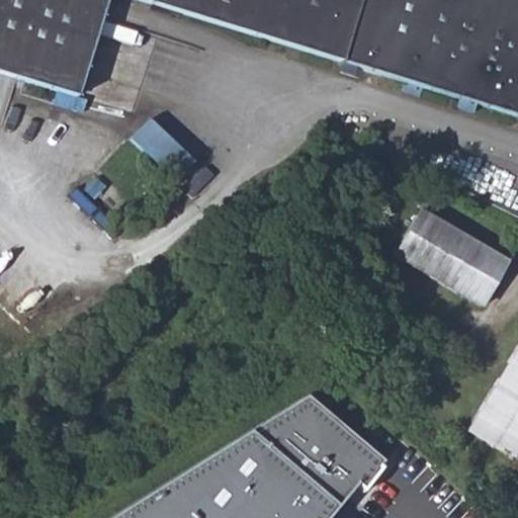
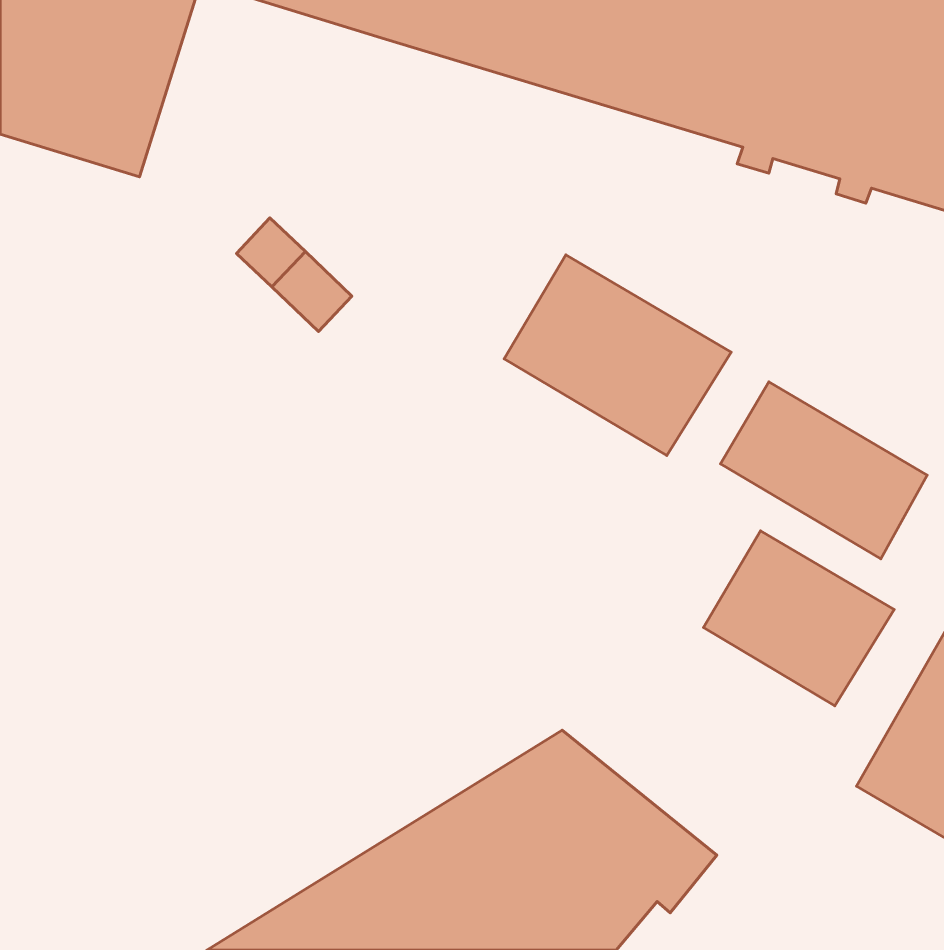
building: none -> [504,255,731,456]
building: none -> [703,531,894,706]

